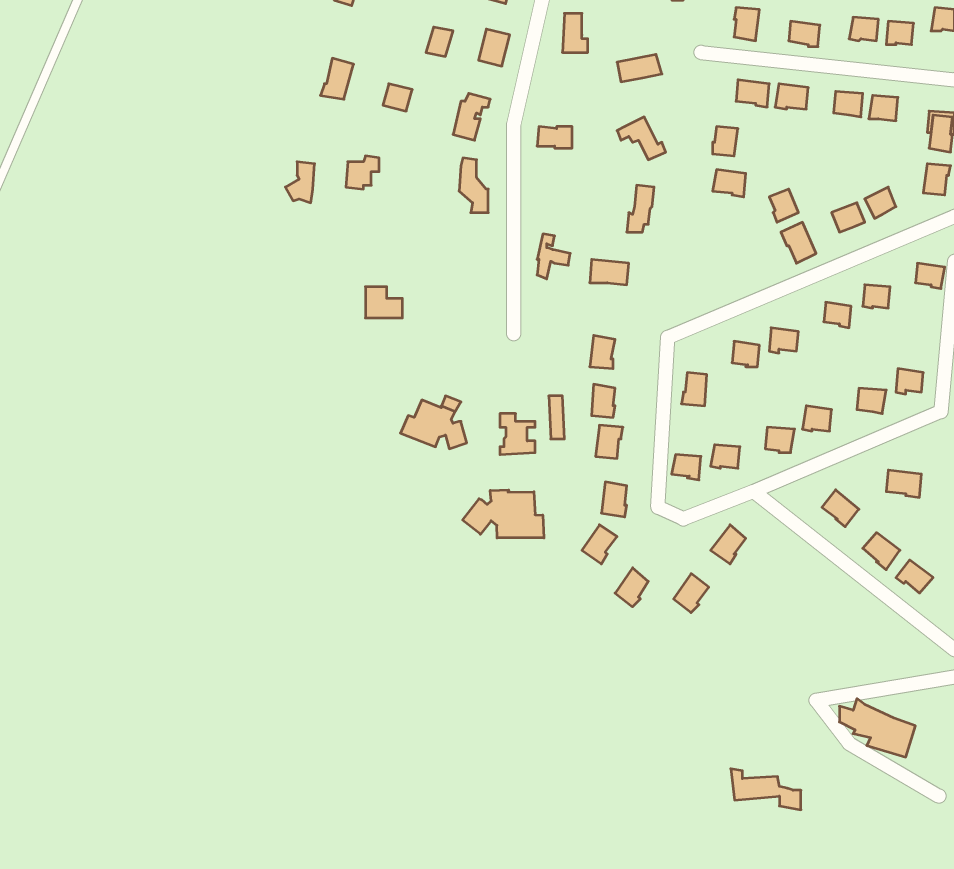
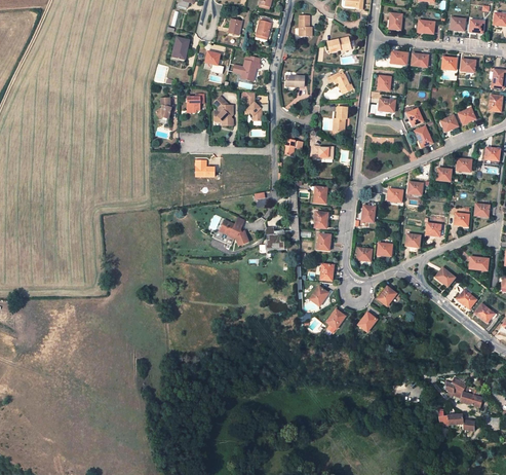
building: none -> [211,94,231,124]
building: [463,490,544,538] -> none
building: [731,769,801,810] -> [437,409,474,431]

